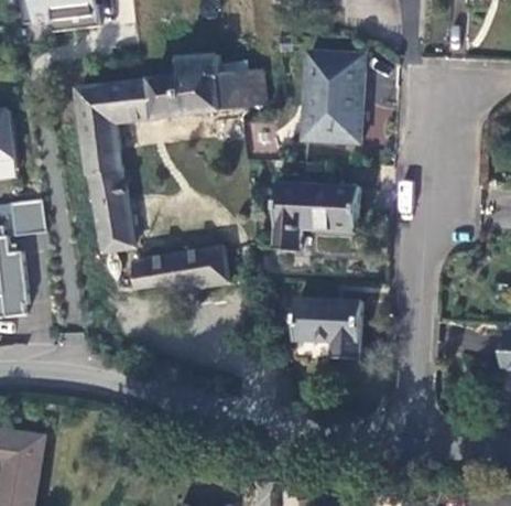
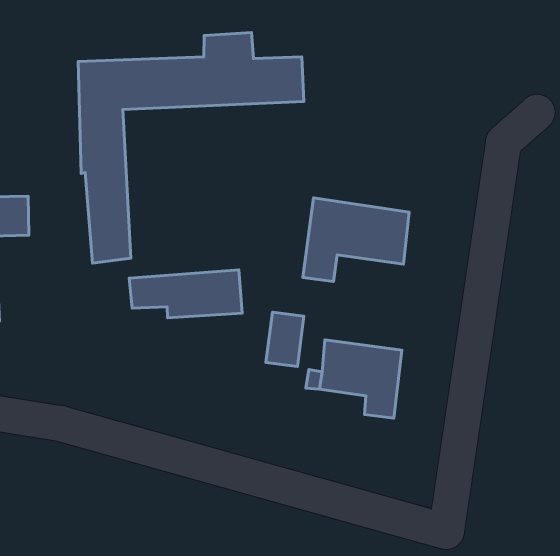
building: [303,52,362,142] -> none
building: none -> [266,312,304,367]

